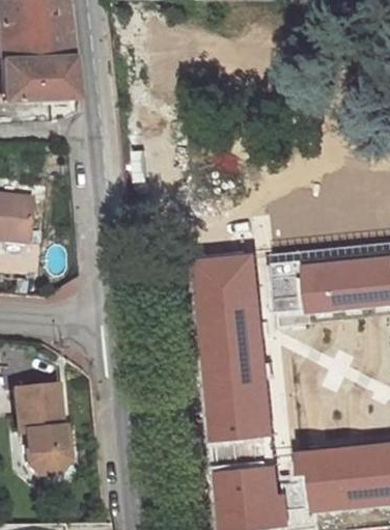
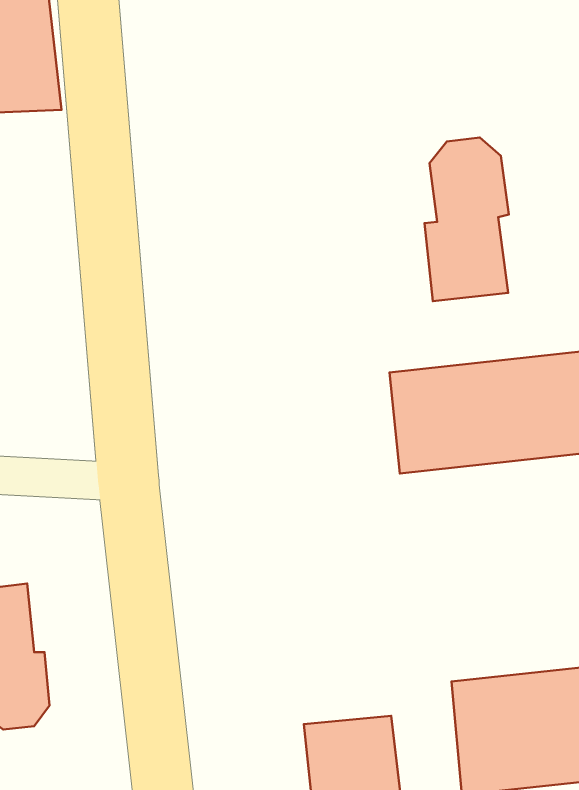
building: none -> [424,137,509,301]
building: [195,249,273,441] -> none

